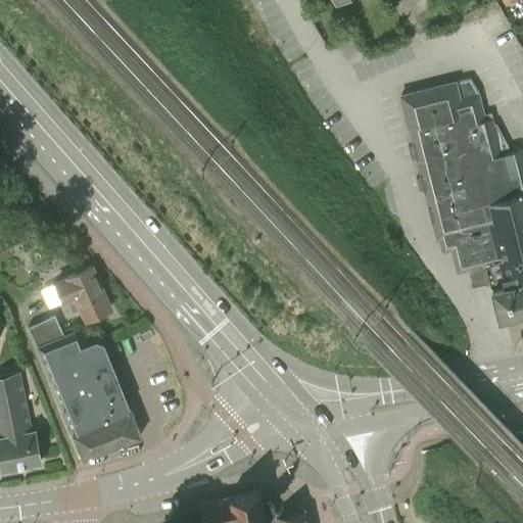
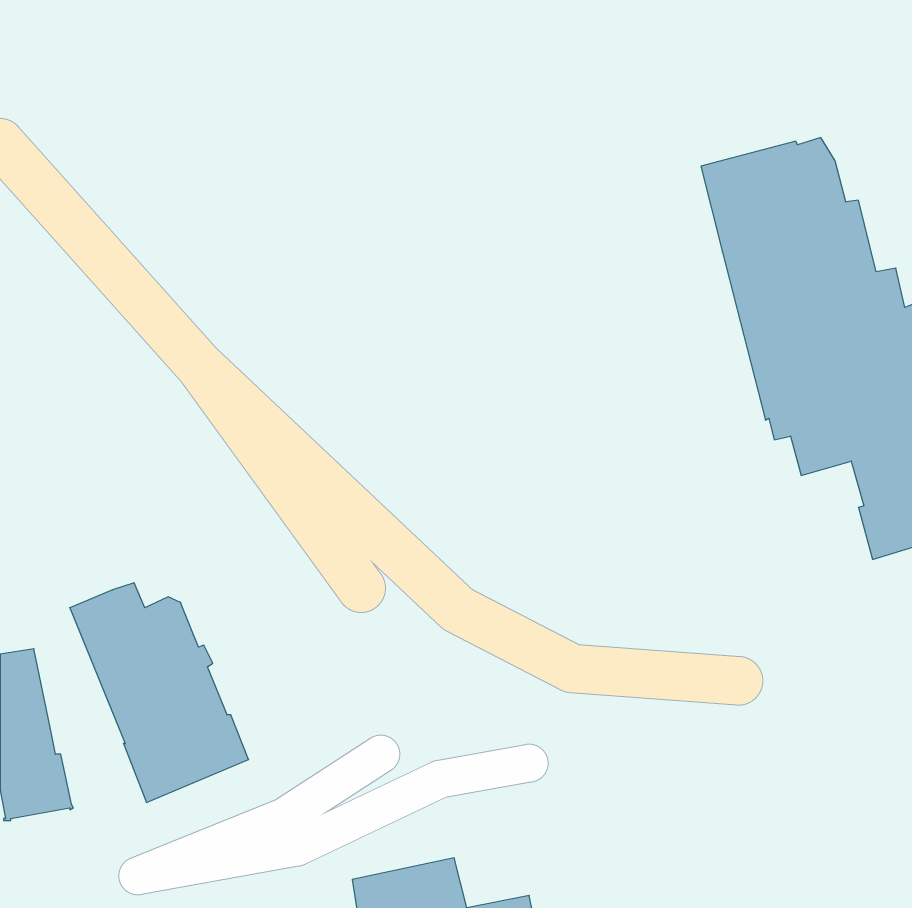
building: [58,268,112,322] -> none
building: [33,319,65,350] -> none

